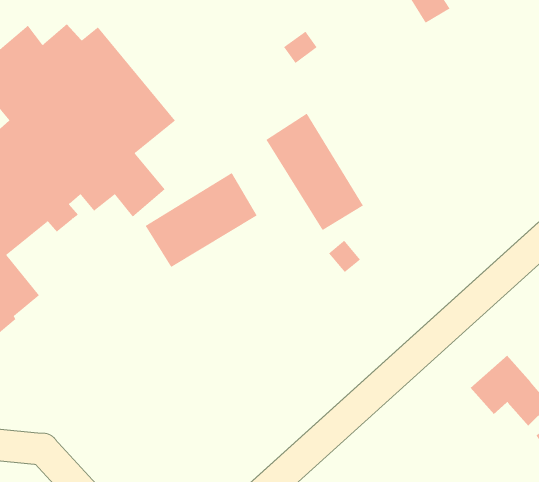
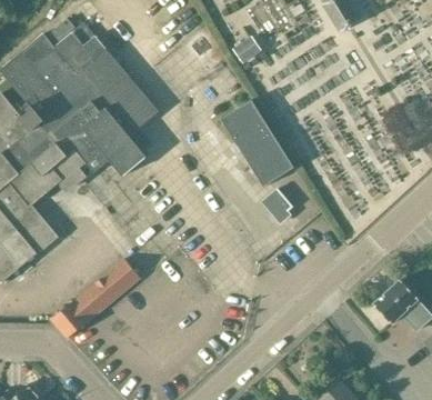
building: [145,172,258,268] -> none
building: none -> [50,257,140,338]

